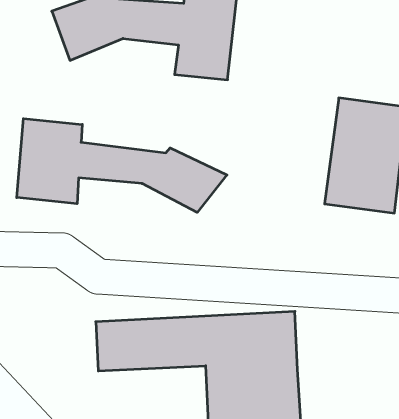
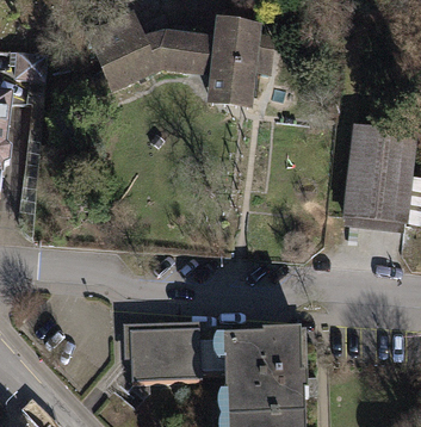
building: [17,119,227,212] -> none

